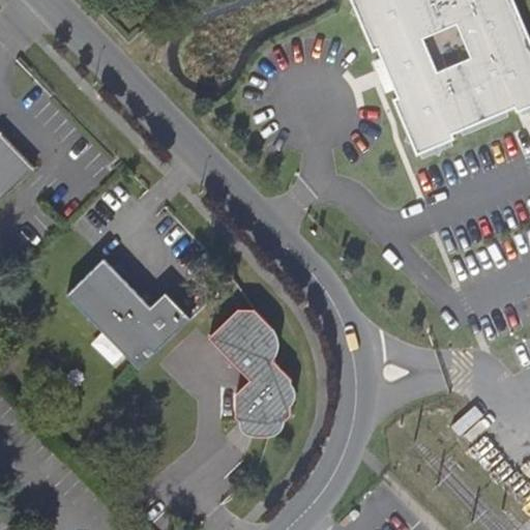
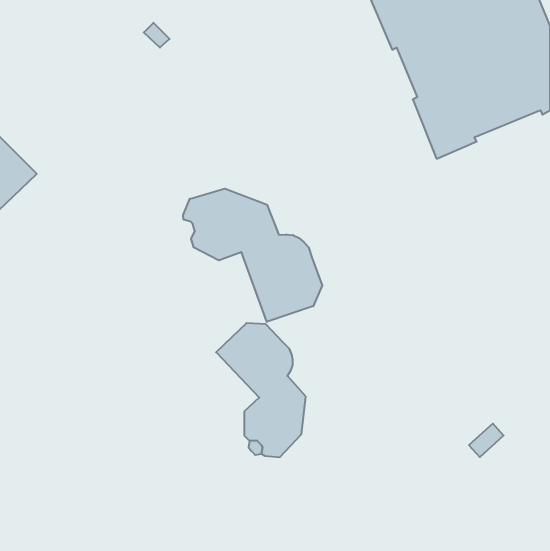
building: none -> [183,189,322,322]
building: [66,259,189,369] -> none

